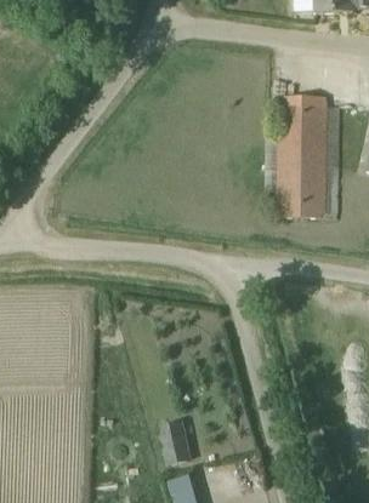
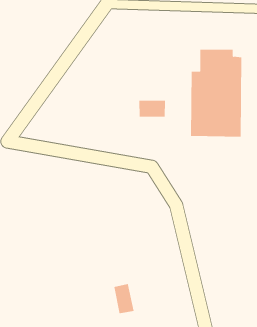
building: none -> [139,100,166,117]

